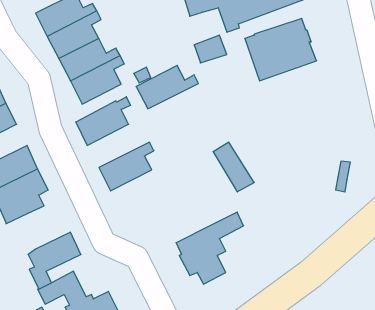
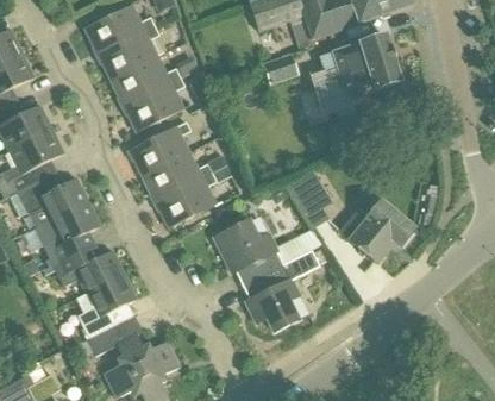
building: [136,65,198,109] -> [143,151,213,200]
building: none -> [339,200,414,262]
building: none -> [214,219,283,284]
building: none -> [51,243,124,292]

